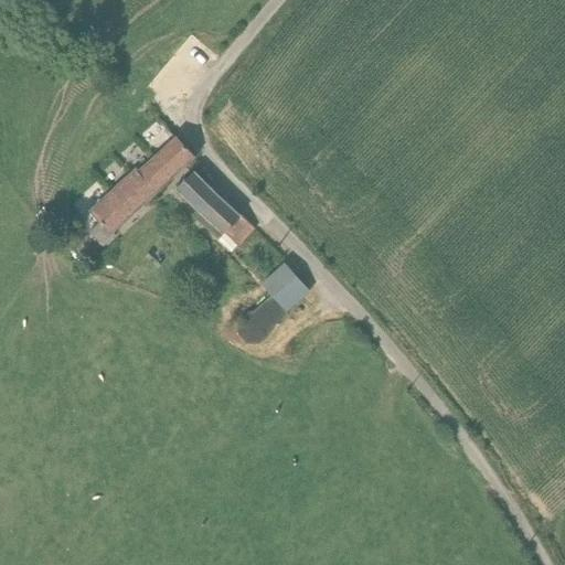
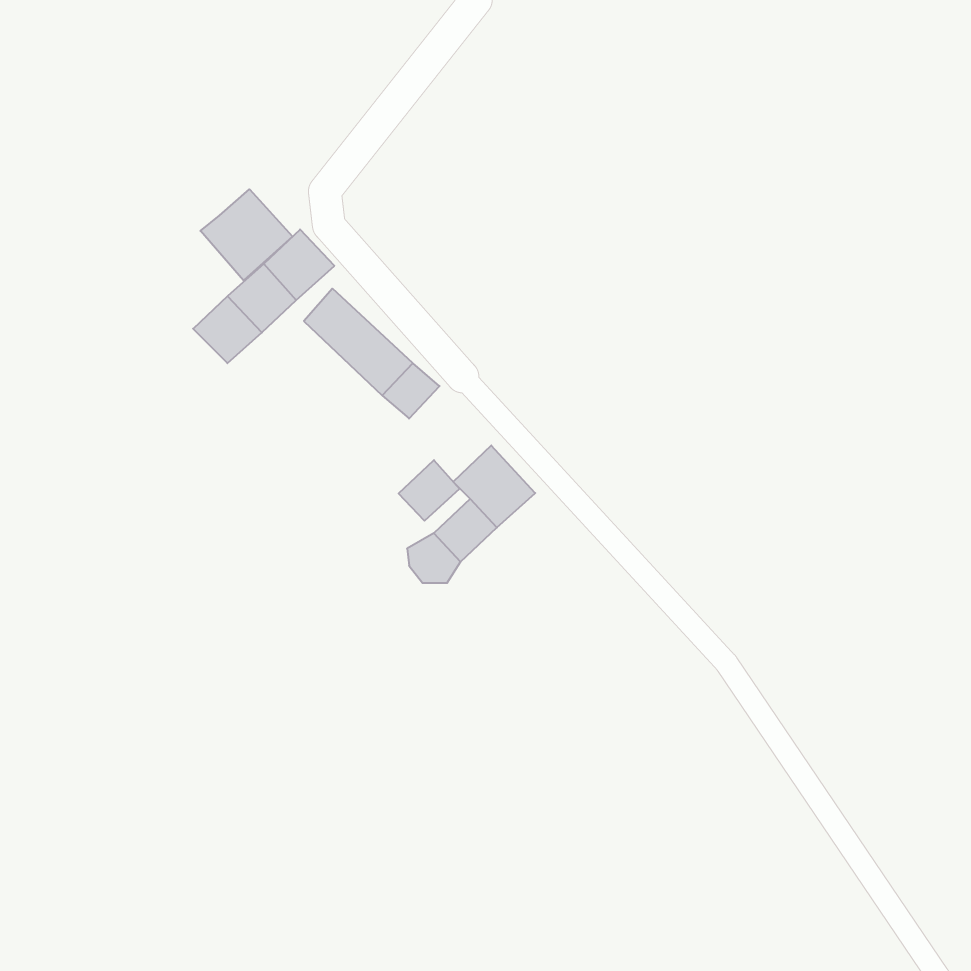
building: none -> [200,189,293,280]
building: [92,193,131,232] -> none
building: none -> [399,460,459,521]

